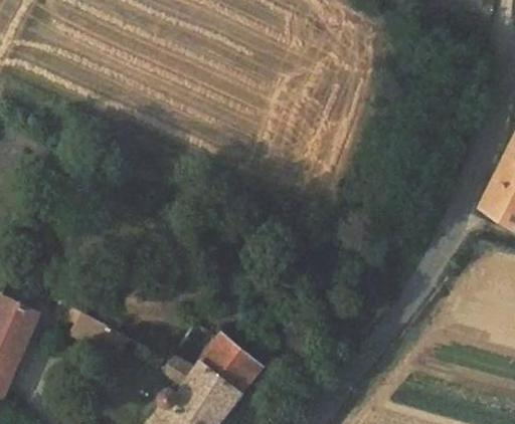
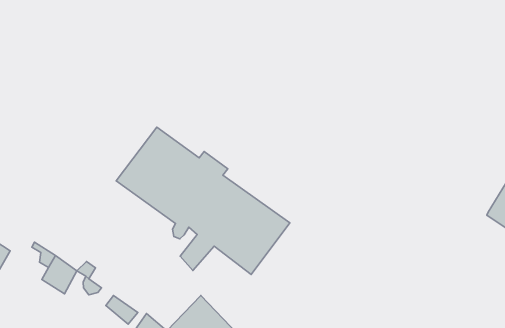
building: none -> [116,127,290,275]

